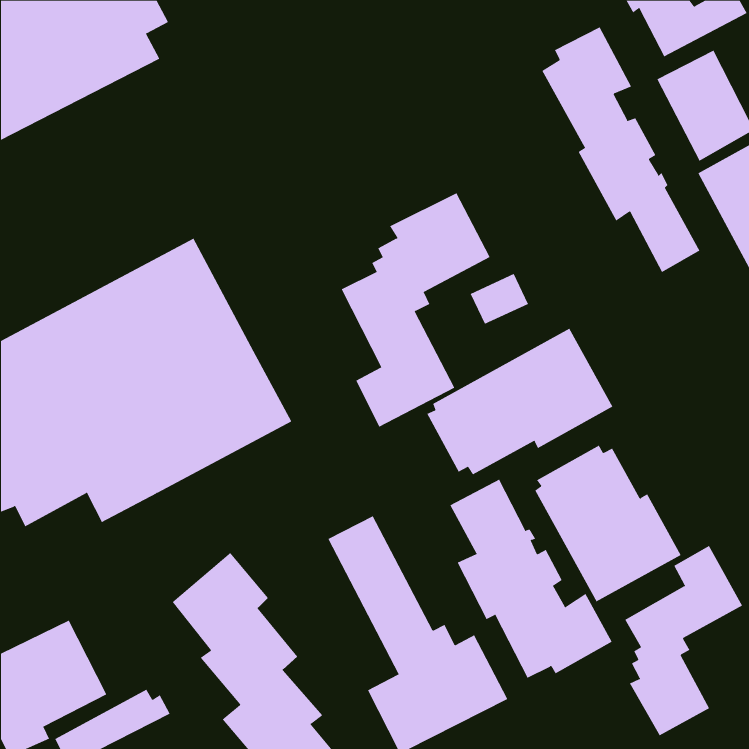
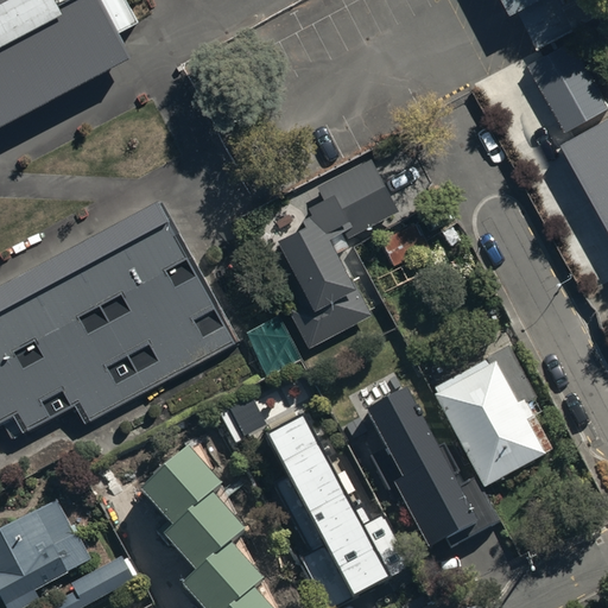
building: [542,26,700,273] -> none
building: [426,328,613,475] -> none
building: [624,545,743,736] -> none

